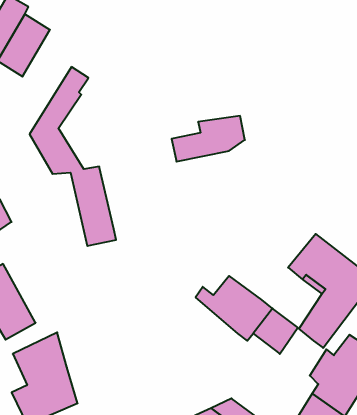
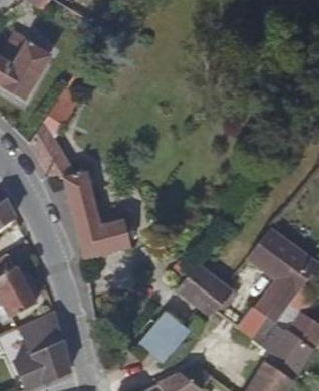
building: [172,116,245,162] -> [78,220,139,258]
building: none -> [139,312,189,364]

